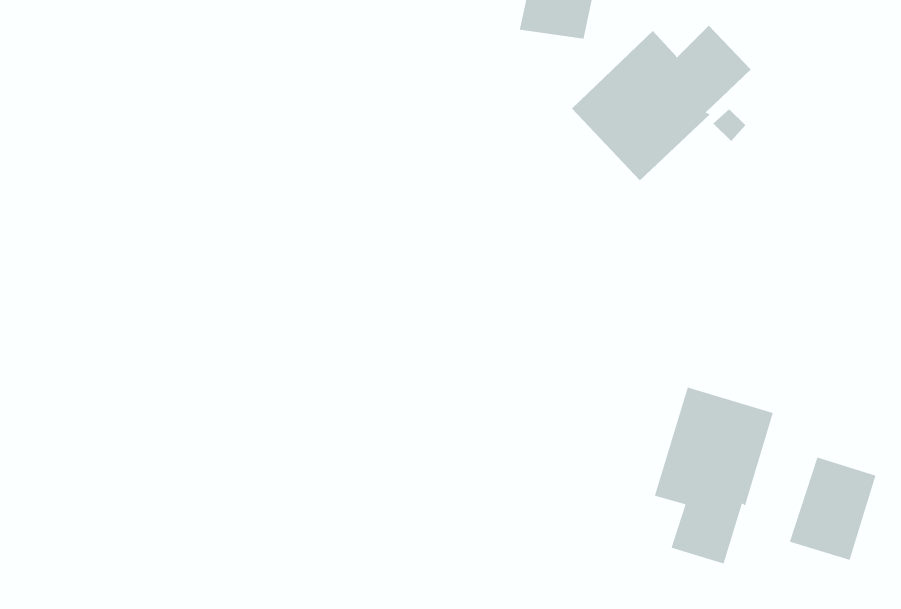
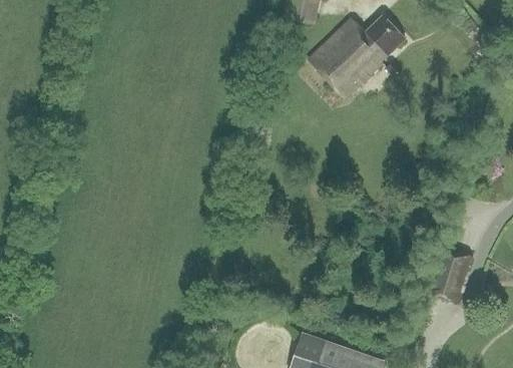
building: [654,386,774,564] -> none

